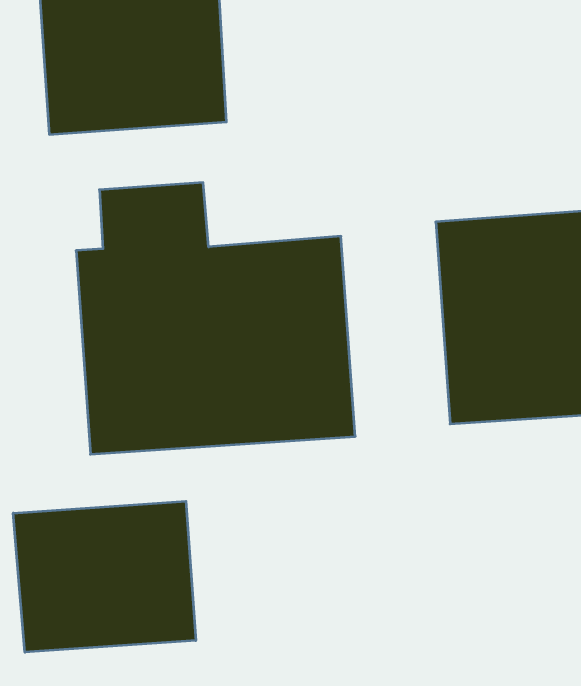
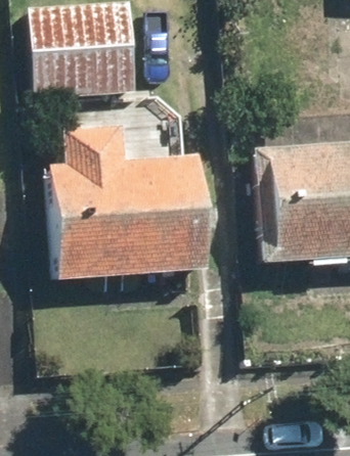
building: [13,501,196,652] -> none

